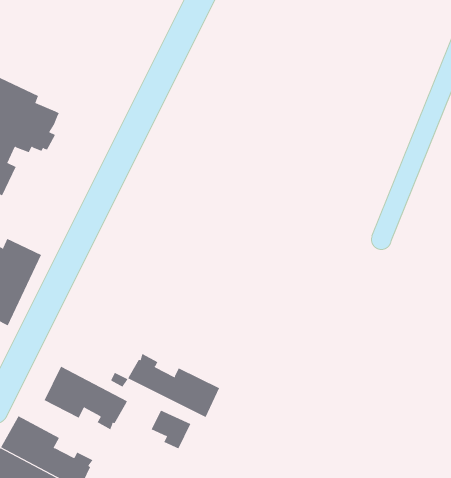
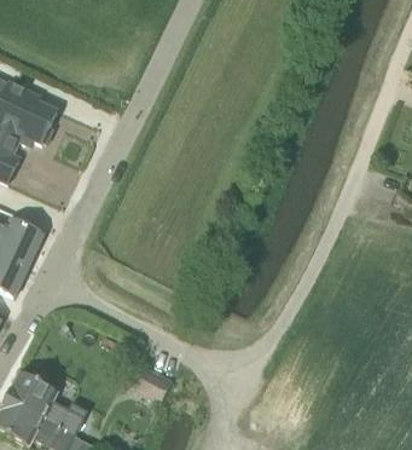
building: [128,353,220,418] -> none
building: [44,366,127,430] -> none

